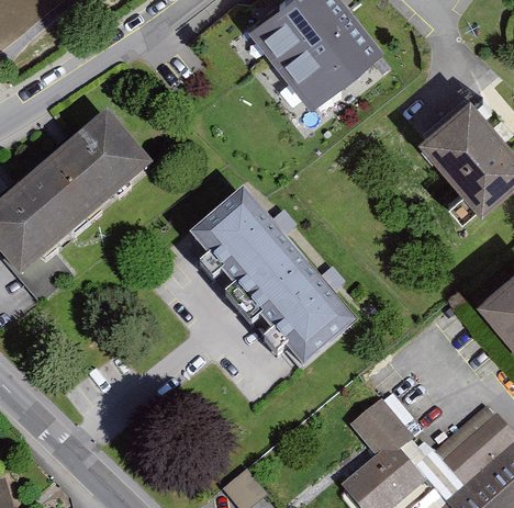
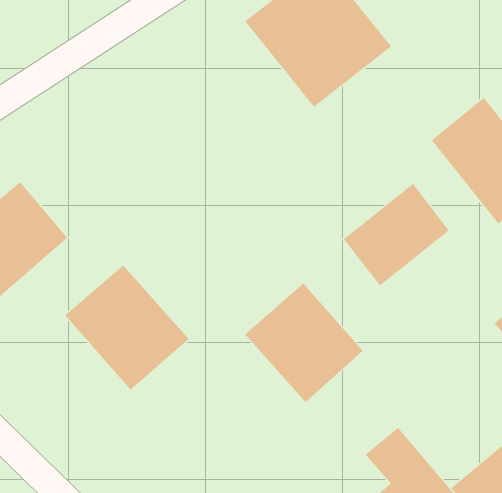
building: [43,118,152,225] -> none
building: none -> [343,183,450,287]
building: [187,197,301,313] -> [64,264,189,391]

